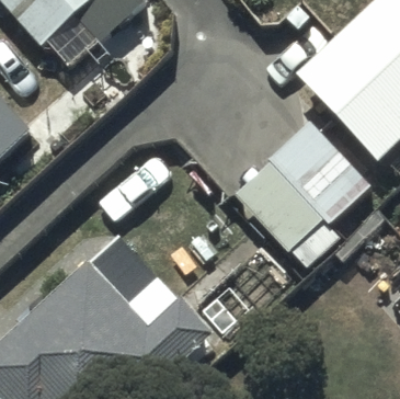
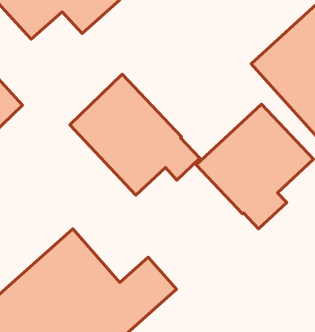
building: none -> [70,74,200,195]

